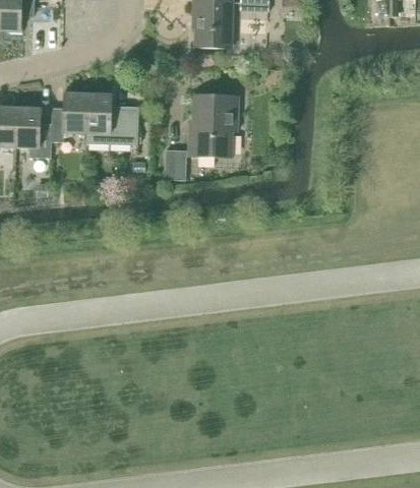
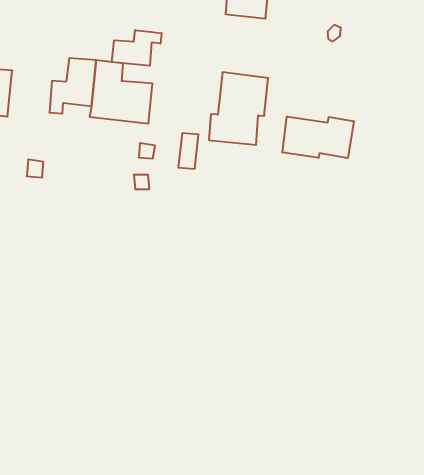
building: none -> [112,30,162,66]
building: [15,107,51,157] -> none
building: none -> [282,116,354,158]

